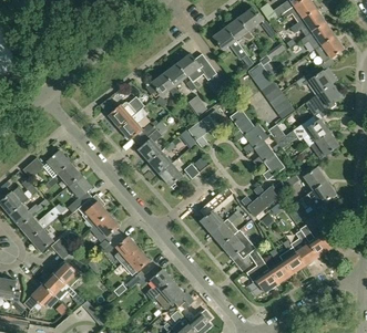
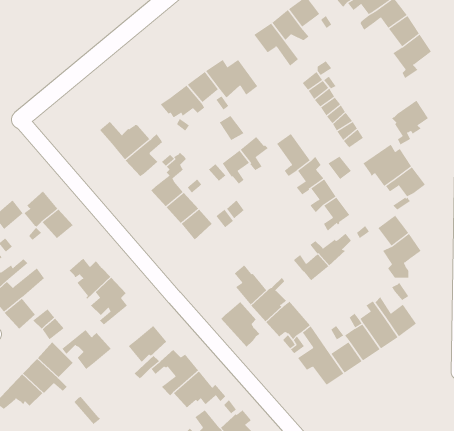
building: [296,67,337,93] -> none
building: [67,175,91,212] -> none
building: none -> [221,301,261,348]
building: [103,233,140,263] -> [62,329,112,370]

